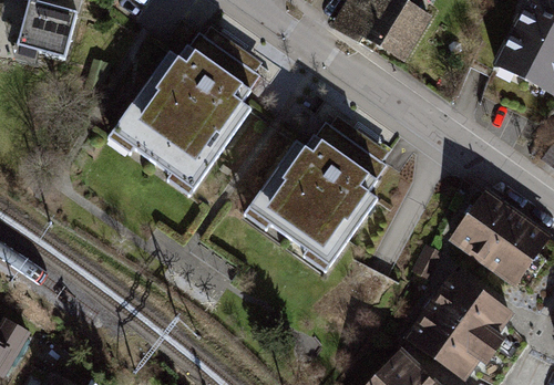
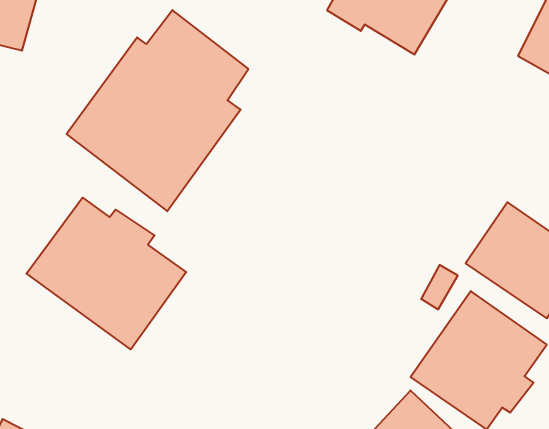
building: [246,121,386,269] -> none
building: none -> [26,198,186,349]

